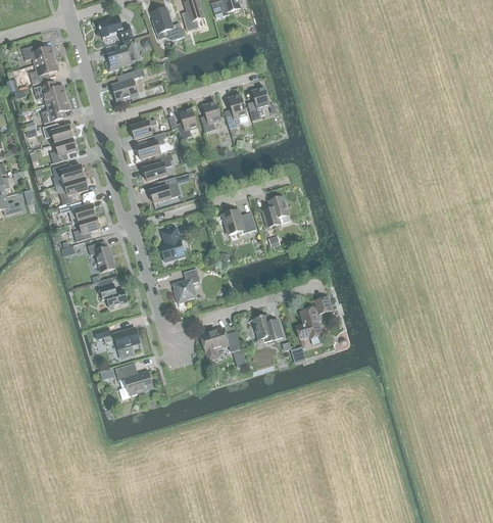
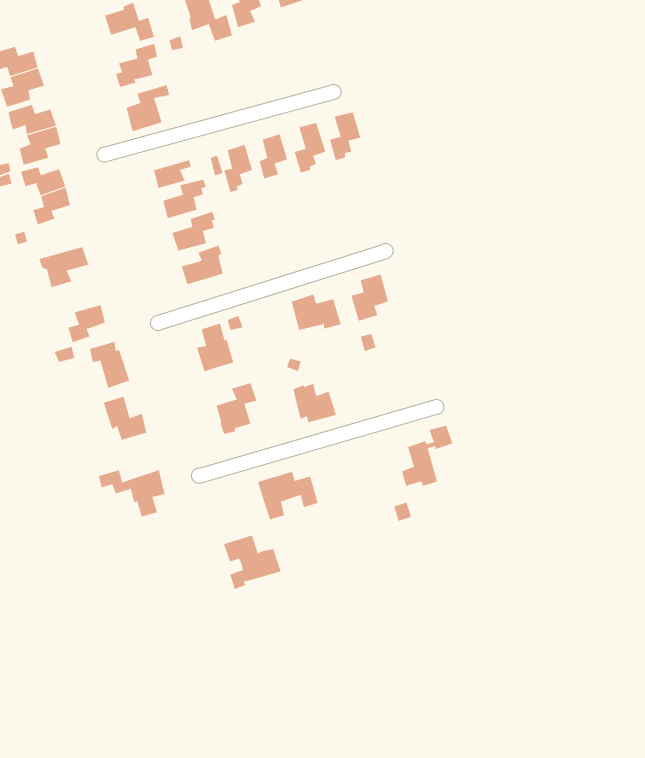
building: [52,162,84,185] -> none
building: [65,201,96,223] -> none
building: [253,315,283,341] -> [293,383,337,423]
building: [114,362,153,398] -> [223,535,281,590]

